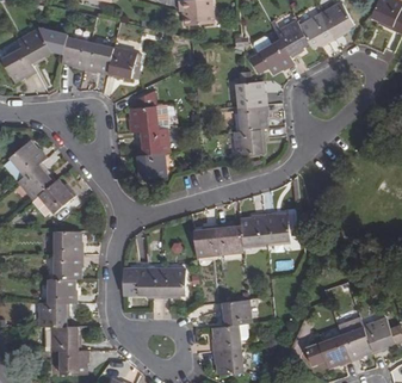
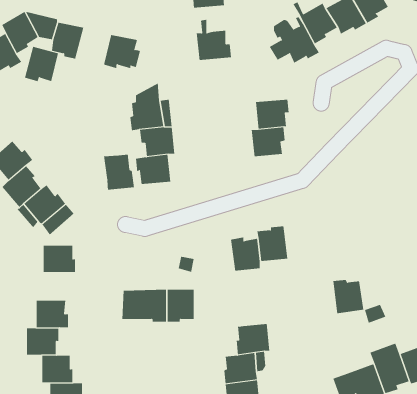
building: [82,42,112,73] -> [24,46,59,82]
building: [235,70,266,106] -> [196,19,232,60]
building: none -> [104,154,134,190]
building: [262,212,290,242] -> [332,280,364,314]
building: [192,226,219,257] -> none
building: [54,254,82,278] -> none

